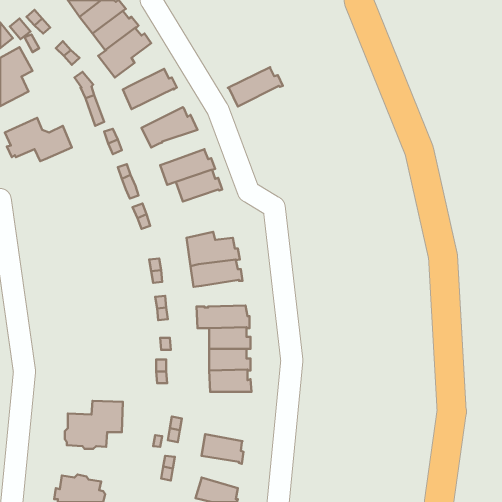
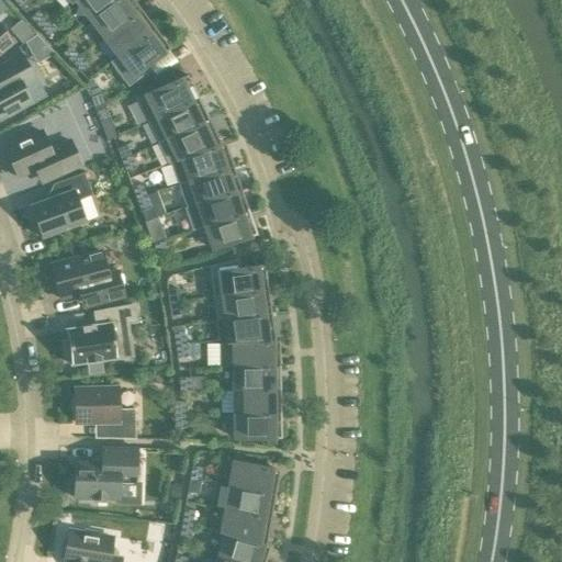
building: [228,67,283,107] -> [147,99,209,143]
building: none -> [181,145,233,181]
building: none -> [30,173,92,237]
building: none -> [204,212,256,249]
building: none -> [52,251,125,308]
building: none -> [64,305,136,364]
building: none -> [216,313,274,344]
building: none -> [75,389,136,439]
building: none -> [229,461,277,495]
building: none -> [221,509,269,546]

